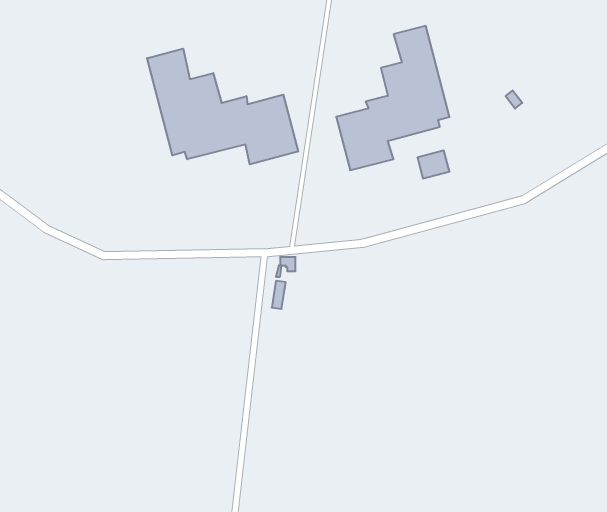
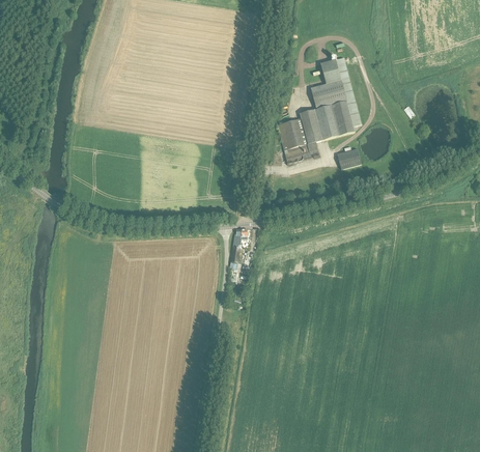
building: [147,49,298,164] -> none

